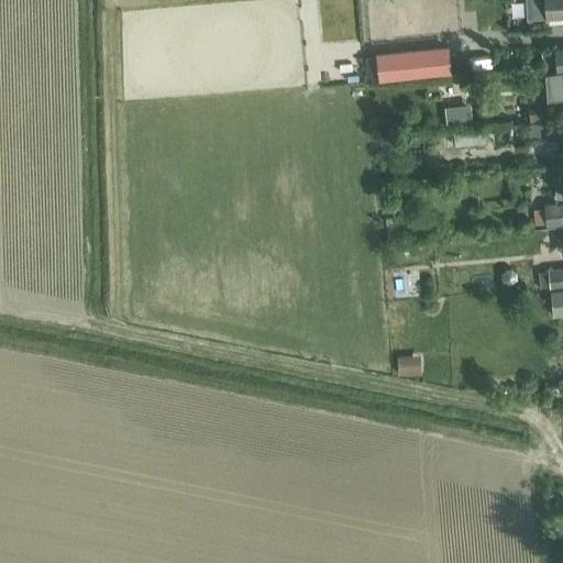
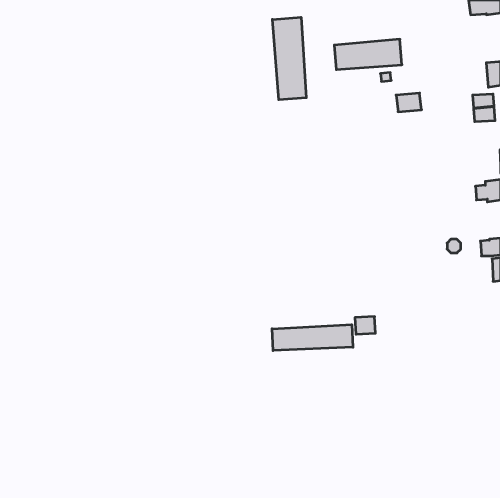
building: none -> [272,17,306,100]
building: none -> [272,325,353,351]

